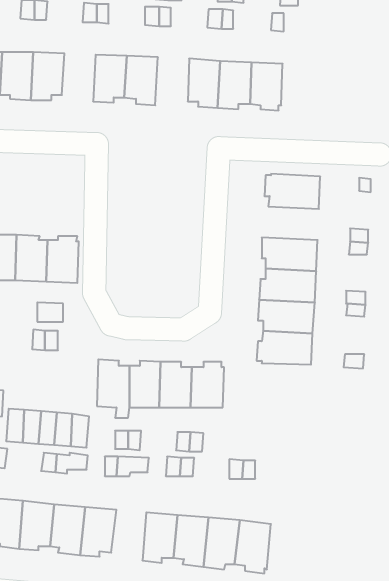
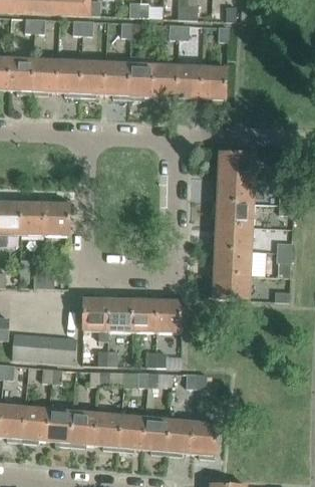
building: none -> [56,58,82,95]
building: none -> [128,61,154,98]
building: none -> [211,177,255,203]
building: none -> [94,412,121,451]

